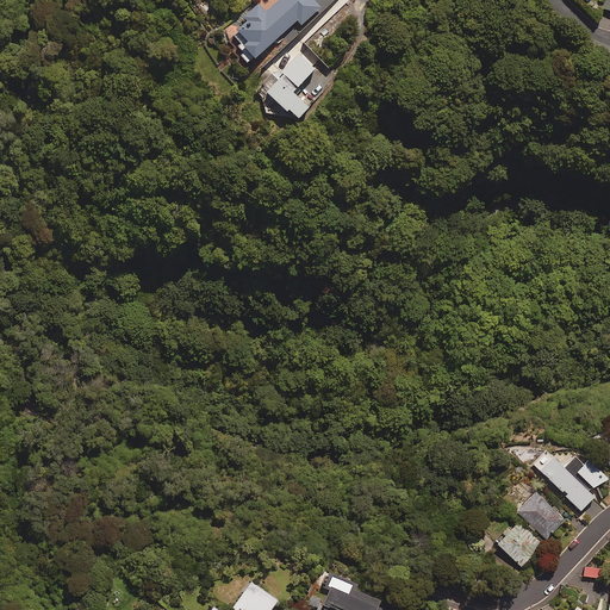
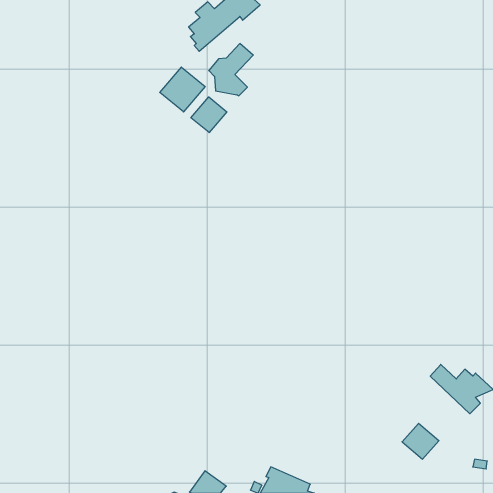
building: none -> [160,67,205,112]
building: none -> [191,97,227,133]
building: [517,492,565,539] -> none

